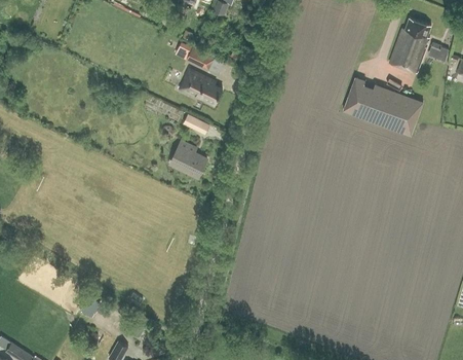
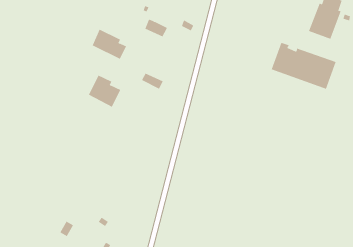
building: [181,67,224,105] -> [92,29,127,60]
building: [167,139,208,179] -> [88,75,121,107]

